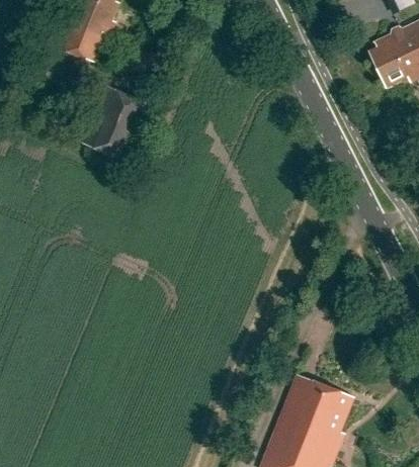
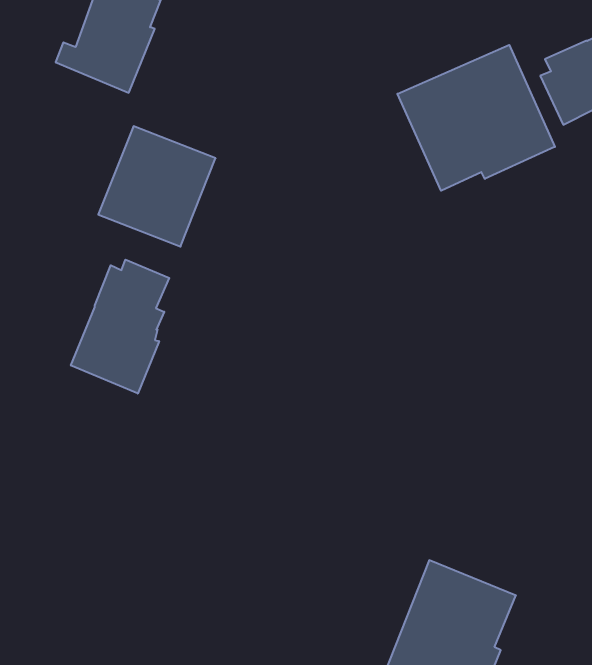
building: none -> [397,45,555,191]
building: none -> [71,260,169,394]

